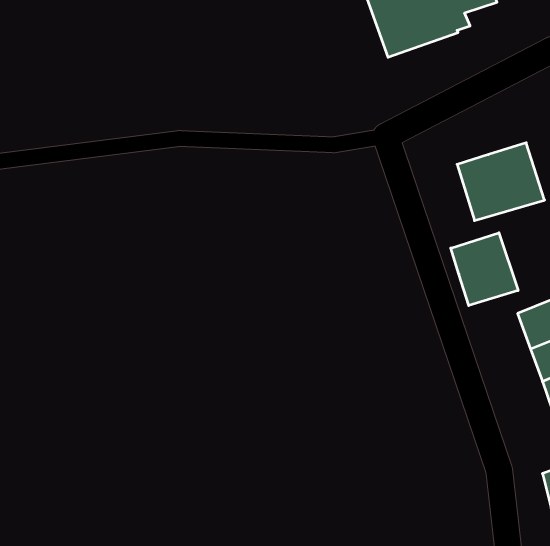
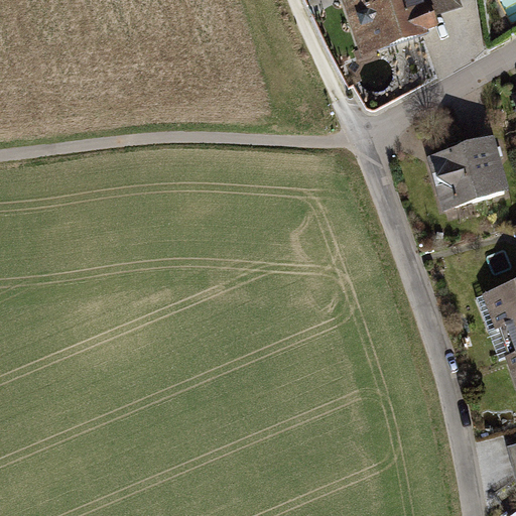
building: [451,233,518,306] -> none

